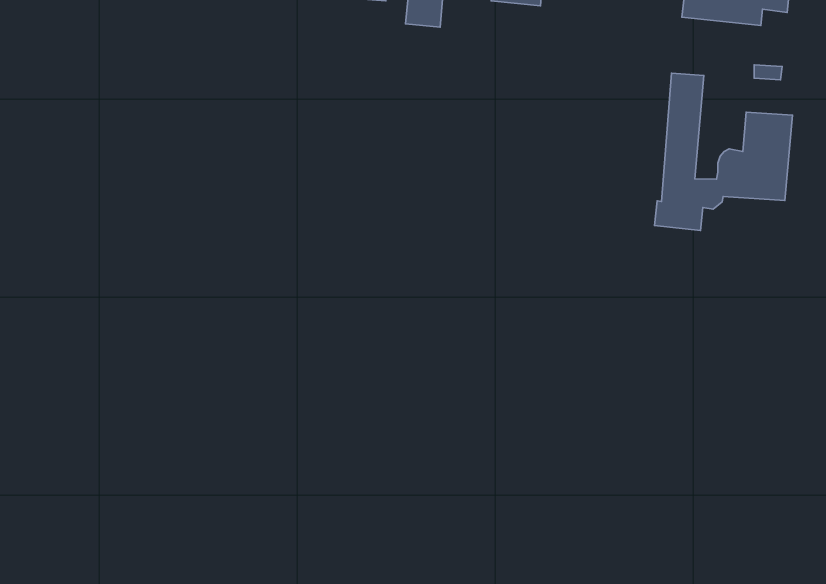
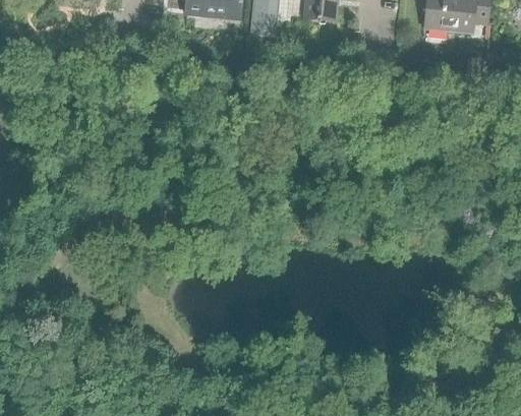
building: [655,73,792,230] -> none

